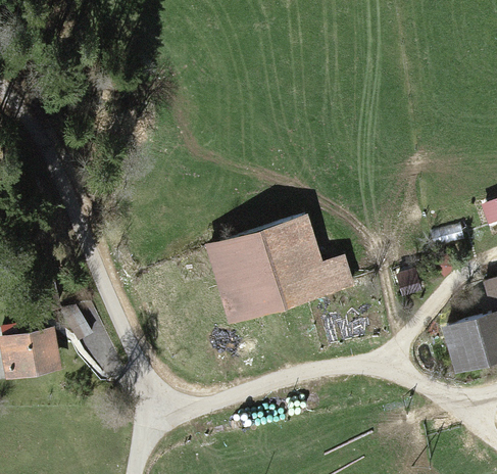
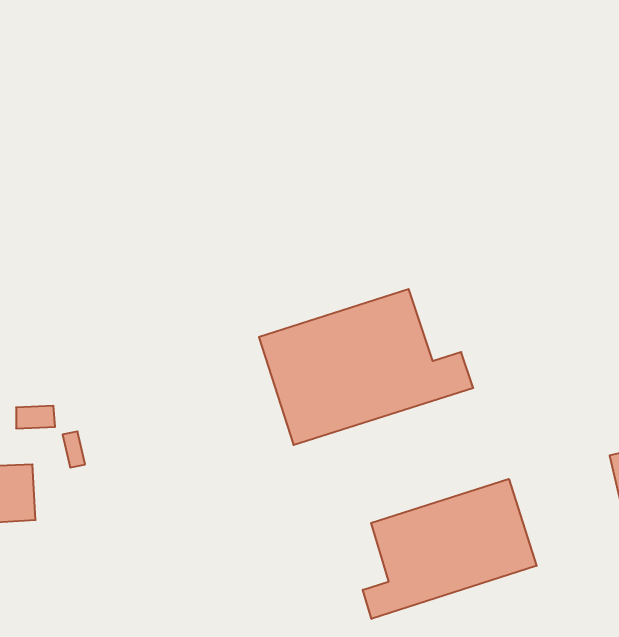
building: none -> [363,479,537,619]

